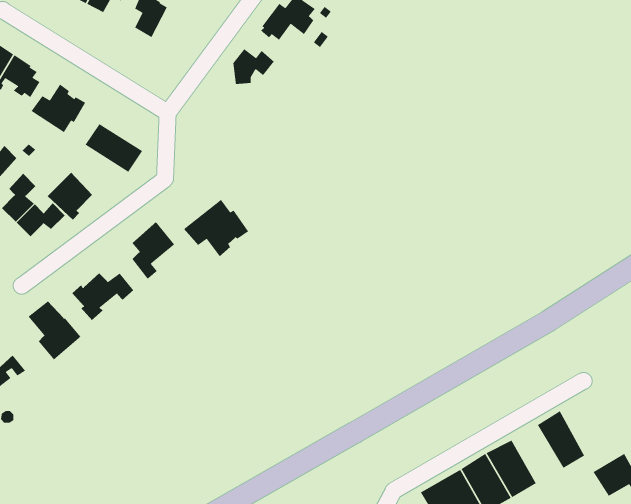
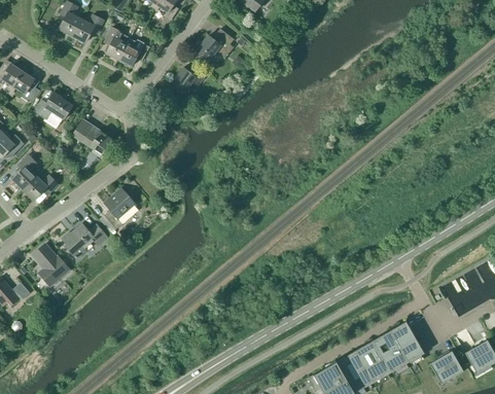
building: none -> [119,37,150,65]
building: [47,172,93,221] -> none
building: [183,199,249,257] -> none
building: none -> [373,330,409,371]

